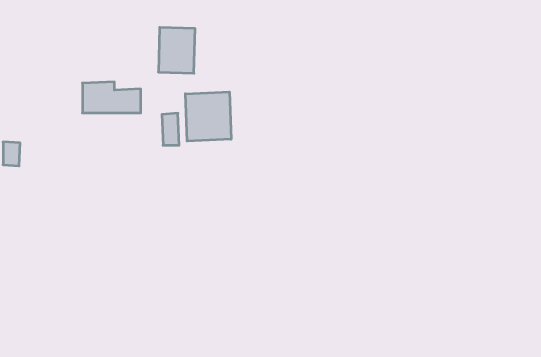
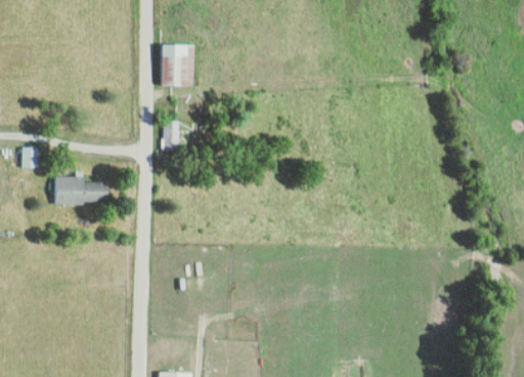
building: [82,82,141,113] -> [55,175,107,203]
building: [185,92,231,141] -> none

